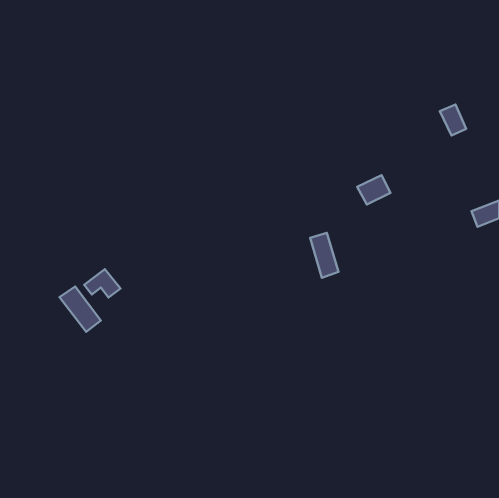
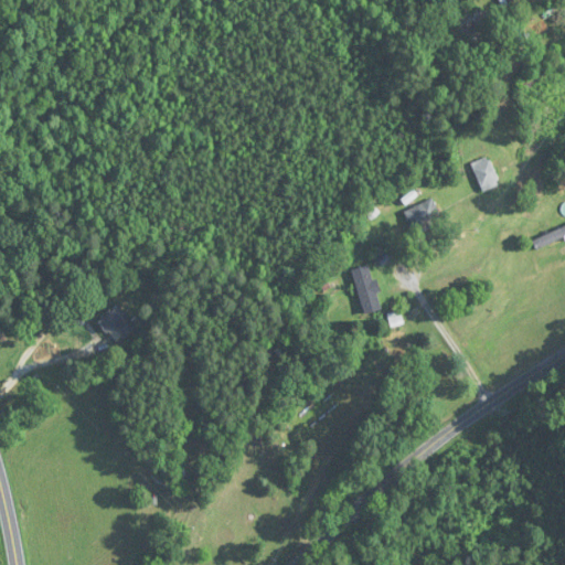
building: [440,104,466,136] -> [469,154,499,190]
building: [60,286,101,332] -> none

